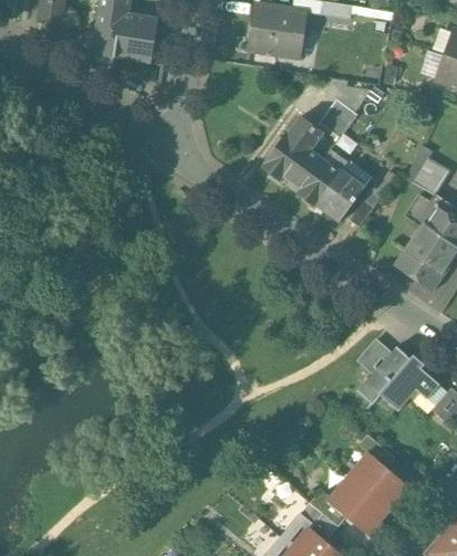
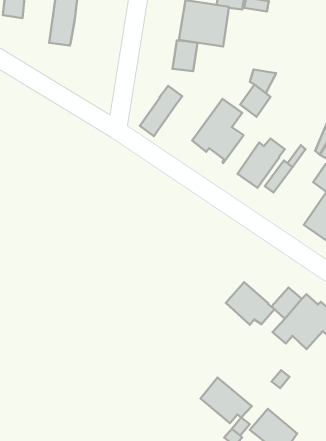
building: [121,13,159,61] -> none
building: none -> [173,40,198,71]
building: [299,147,349,206] -> [140,86,182,136]
building: none -> [226,282,274,325]
building: [351,455,411,508] -> [201,378,252,423]

